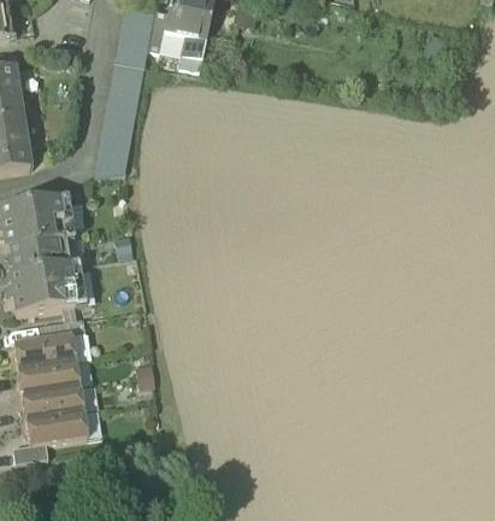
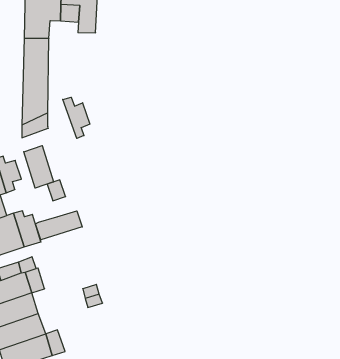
building: none -> [63,97,90,138]
building: none -> [24,146,54,188]
building: none -> [35,211,82,240]

